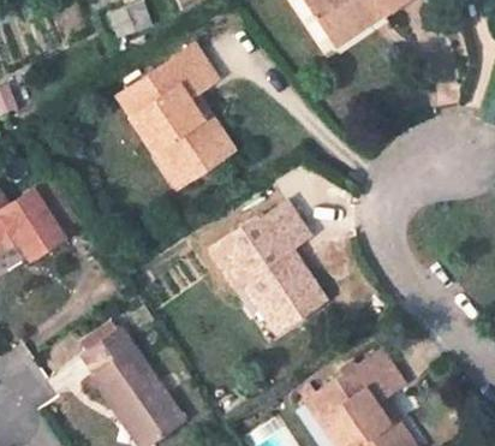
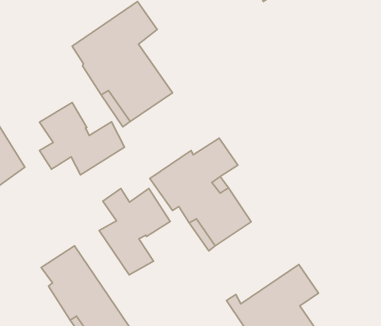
building: none -> [39,102,125,175]
building: none -> [99,189,170,275]

